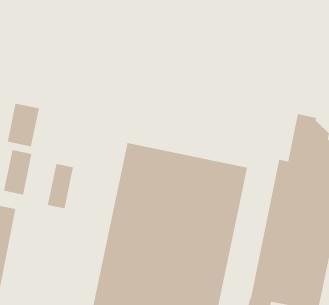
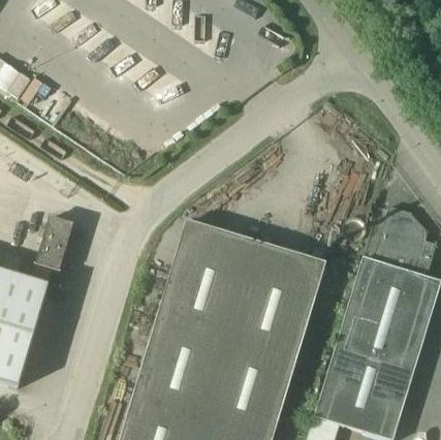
building: [7,103,39,147] -> none
building: [47,163,73,209] -> none

